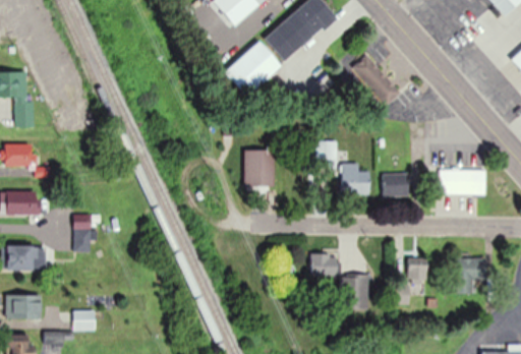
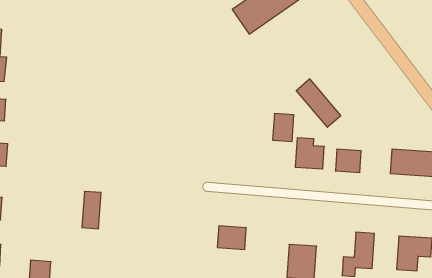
building: [226,40,282,96] -> none
building: [353,55,401,104] -> [296,79,341,127]
building: [244,150,274,186] -> none
building: [74,214,92,251] -> [82,191,101,229]
building: [309,253,338,276] -> [217,226,246,249]

